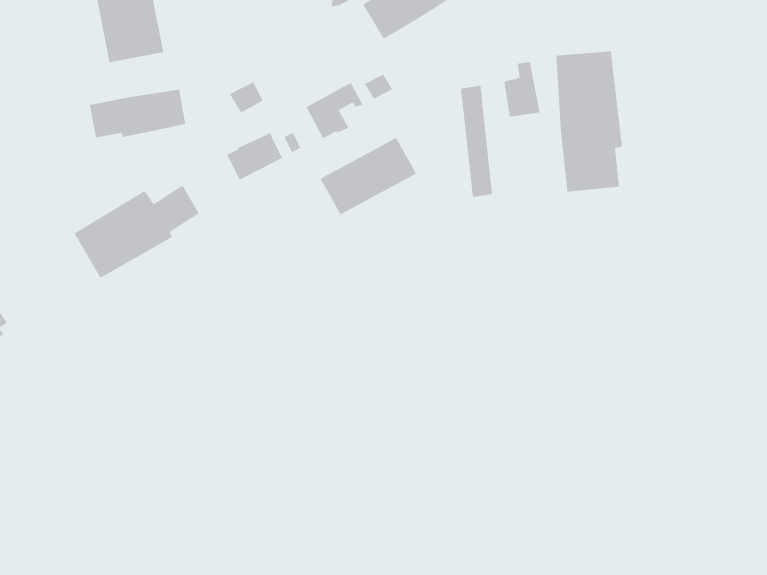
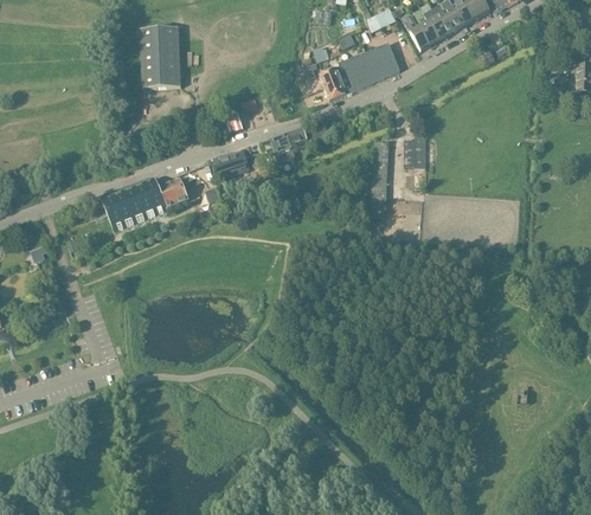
building: [555,50,623,193] -> none
building: [89,89,186,138] -> none
building: [320,137,417,216] -> none

